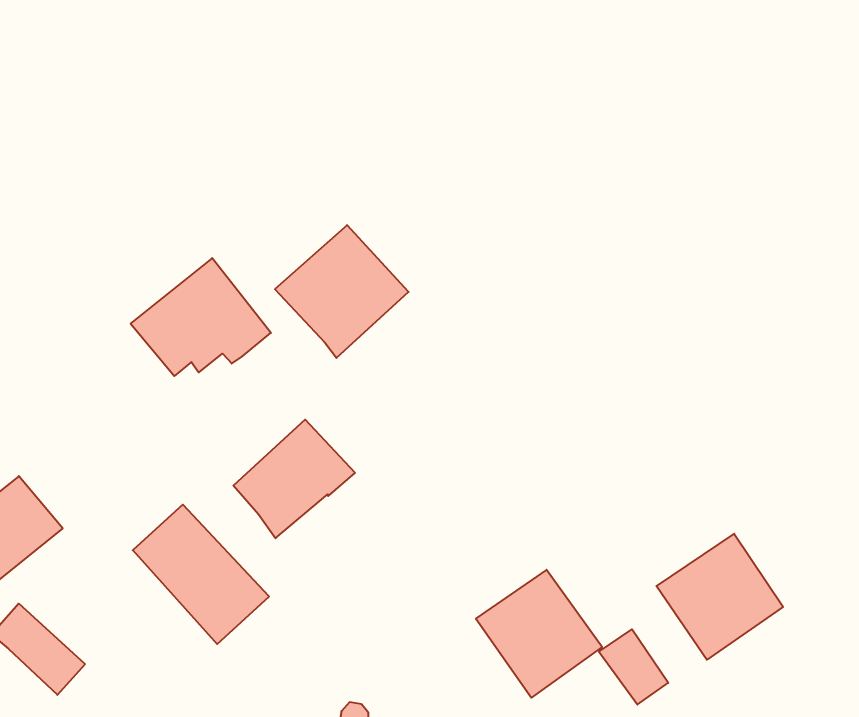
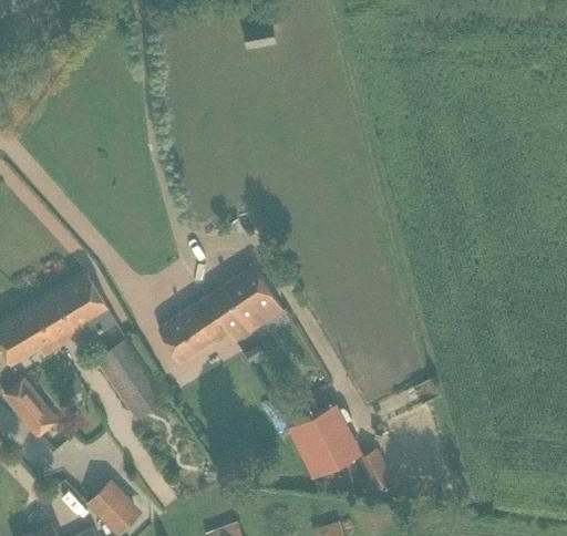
building: [275,225,409,358] -> [206,268,284,344]
building: [131,258,271,376] -> [34,276,115,341]
building: [656,534,783,660] -> none

